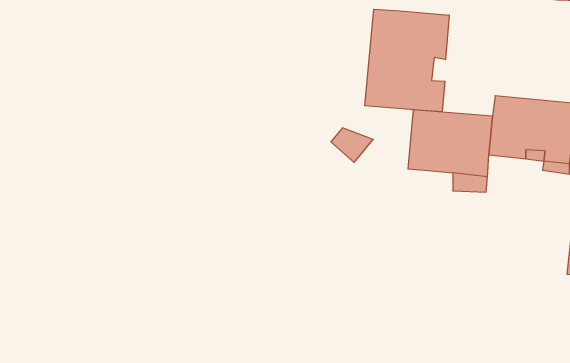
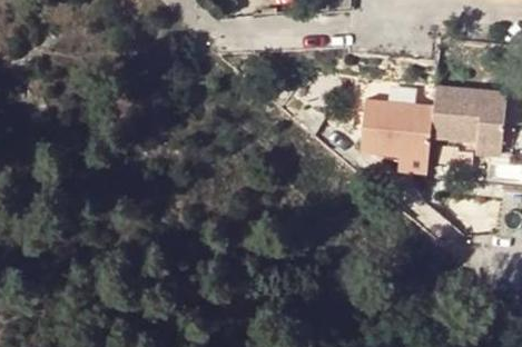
building: [365,9,449,112] -> none

